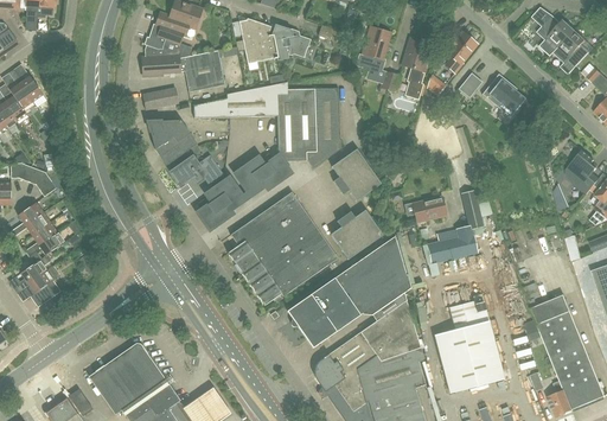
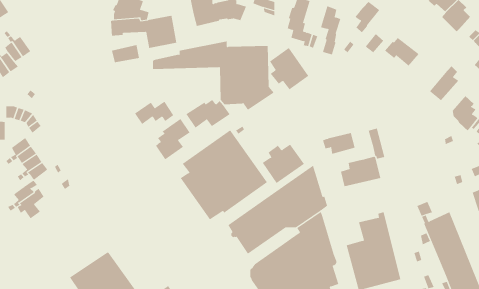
building: none -> [429,66,459,101]
building: [147,120,197,165] -> none
building: [331,148,381,202] -> [269,47,309,90]

